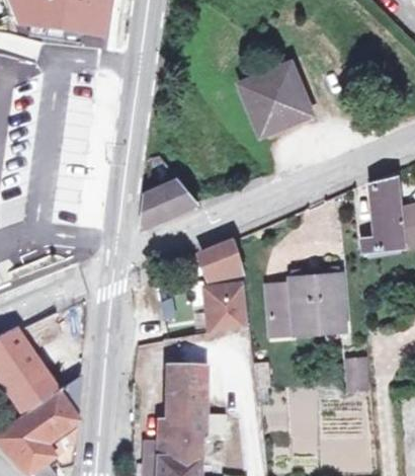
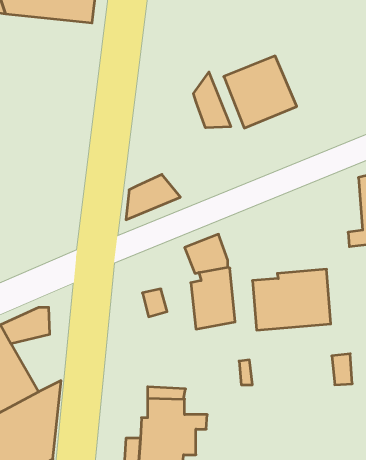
building: none -> [193,72,231,128]
building: [163,368,200,391] -> none

